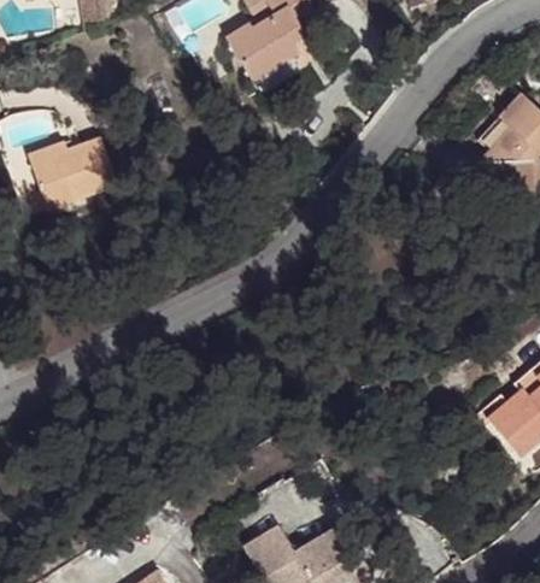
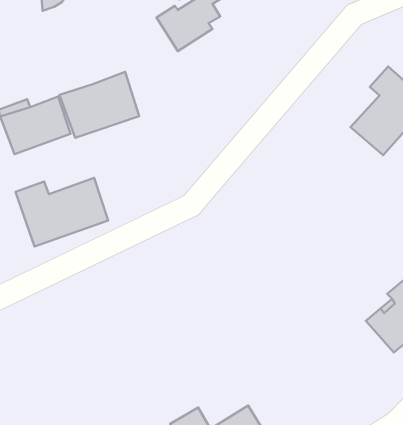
building: none -> [59,72,139,138]
building: none -> [15,178,108,246]

